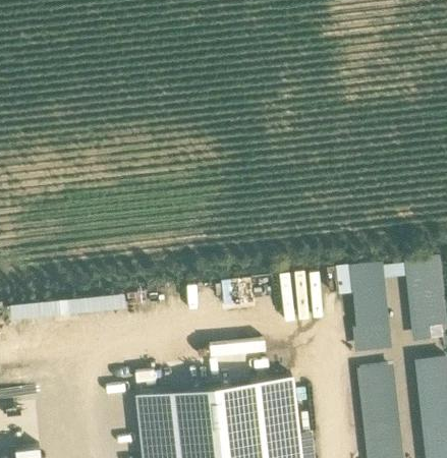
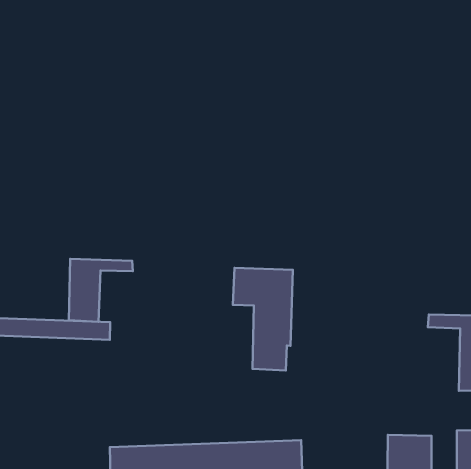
building: none -> [69,259,133,322]
building: [337,265,388,348] -> [233,268,293,370]

